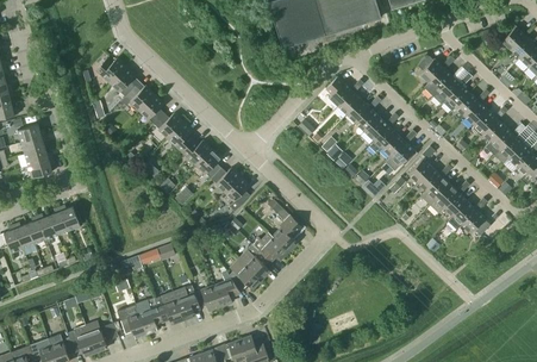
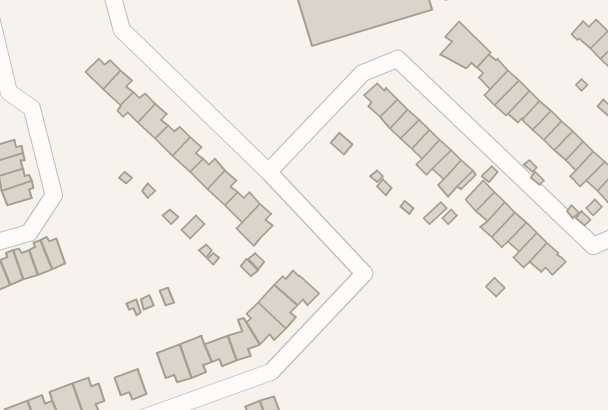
building: none -> [440,22,491,68]
building: [271,202,296,250] -> none
building: [135,299,161,332] -> none

